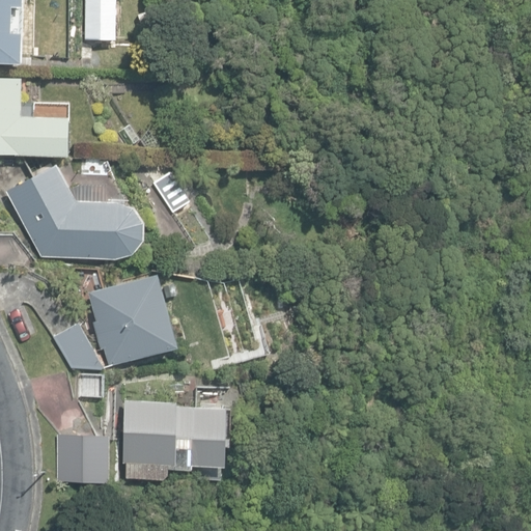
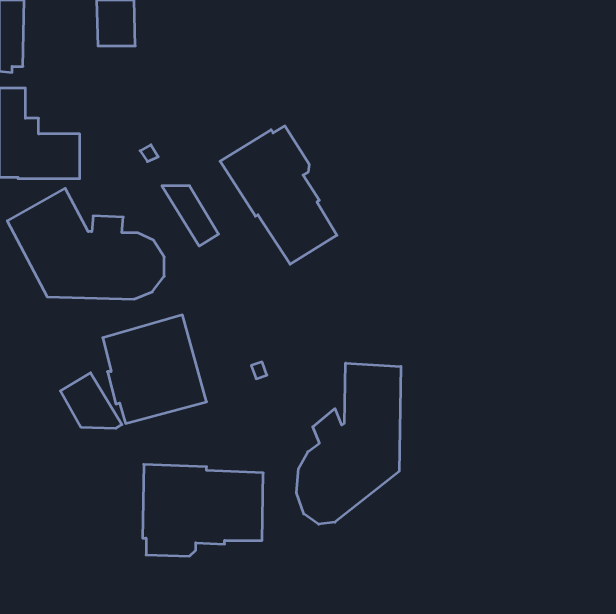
building: none -> [220,126,337,264]
building: none -> [297,363,401,524]
building: [56,435,108,482] -> none

